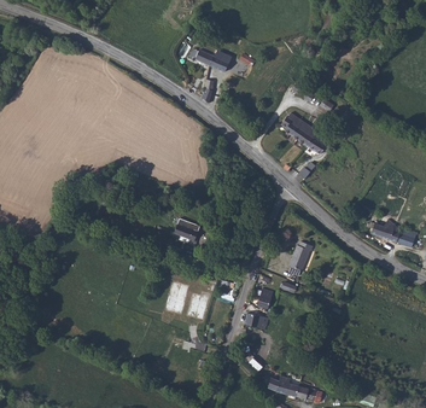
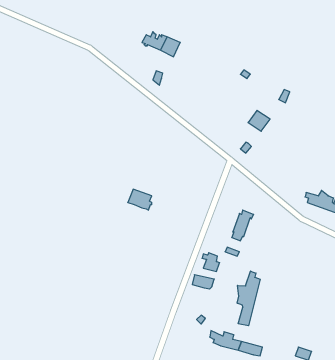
building: [281,112,317,145] -> none
building: none -> [237,271,260,326]

